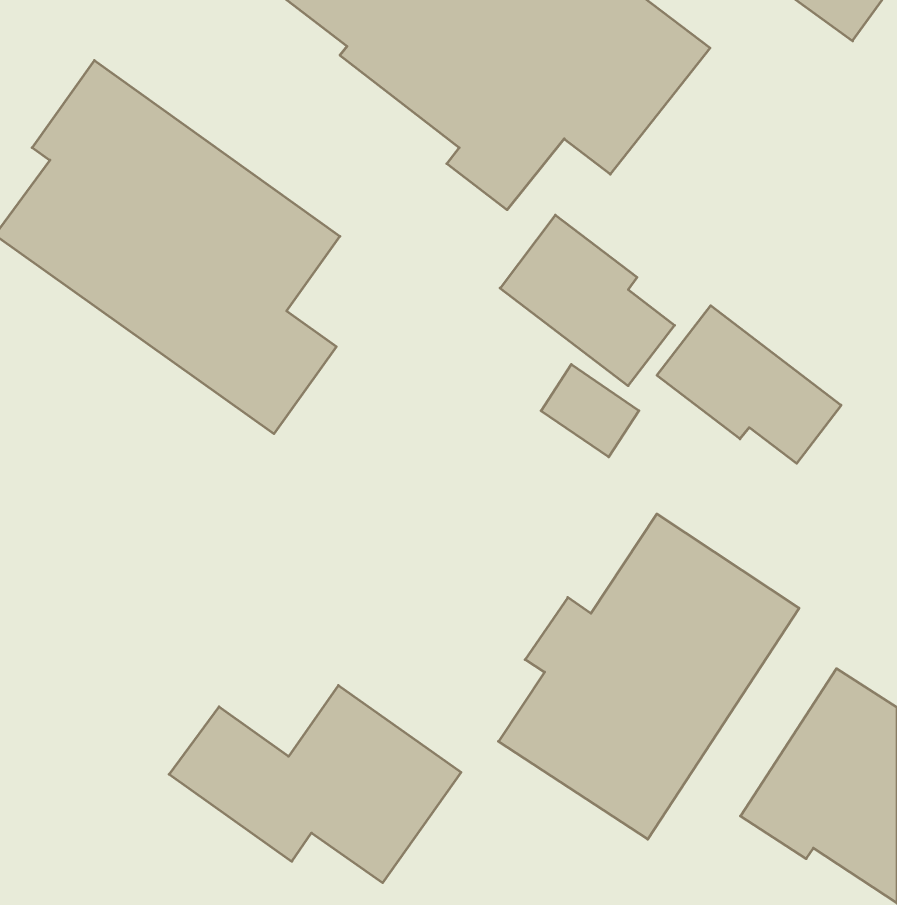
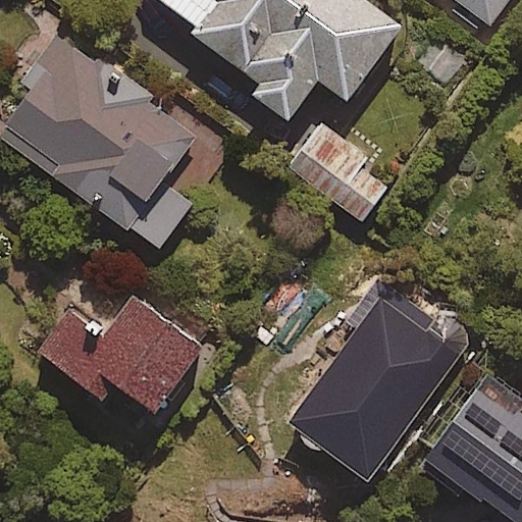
building: [657,306,841,463] -> none
building: [169,685,461,883] -> [37,299,204,412]

